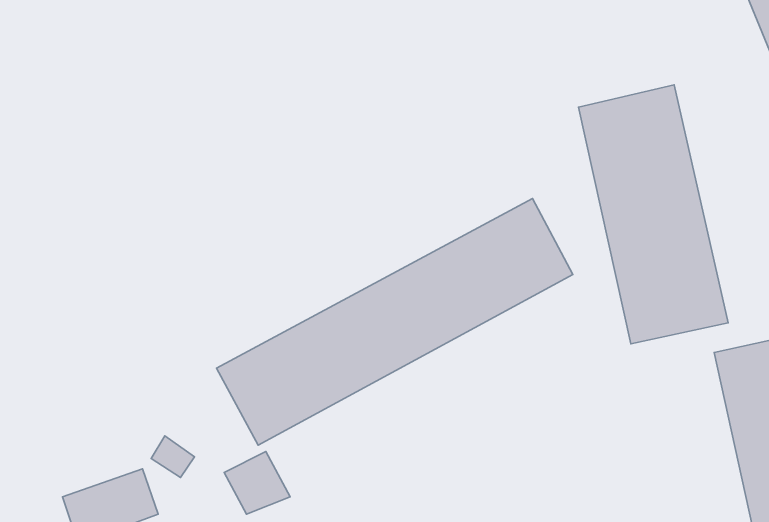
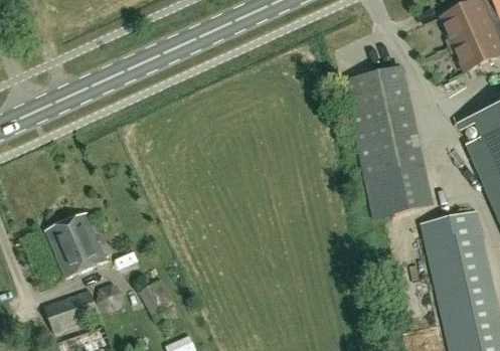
building: [217,198,573,445] -> none
building: none -> [46,210,108,277]

